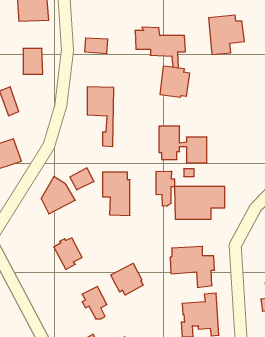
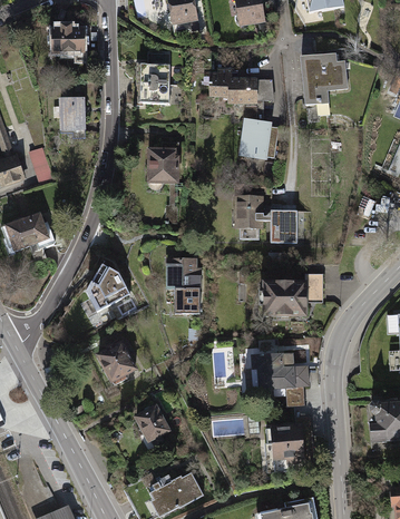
building: none -> [140,61,170,82]
building: [70,168,94,190] -> none
building: [156,171,175,206] -> none
building: [111,263,143,295] -> none

